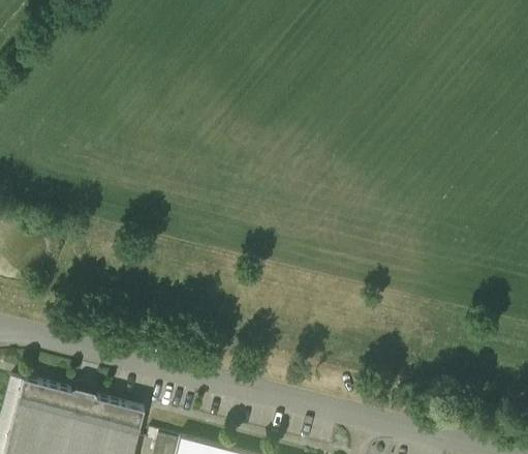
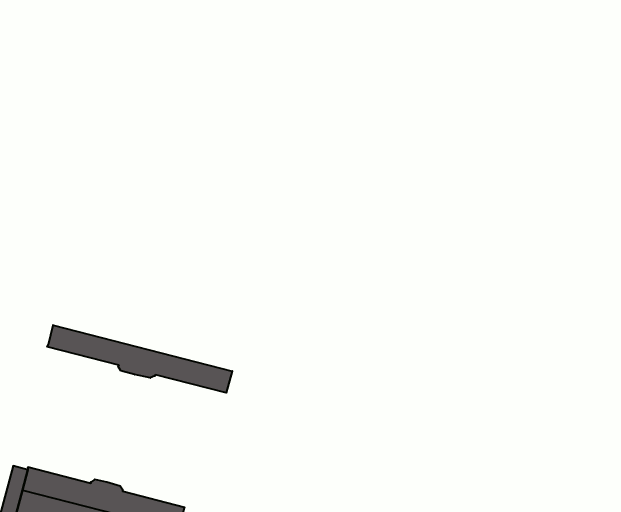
building: none -> [47,325,232,393]

